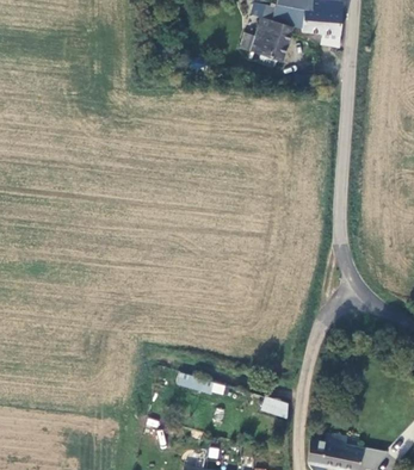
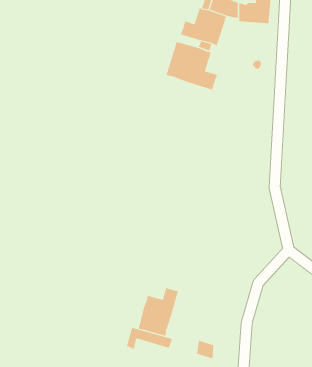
building: none -> [166,41,218,90]
building: none -> [138,287,178,337]

